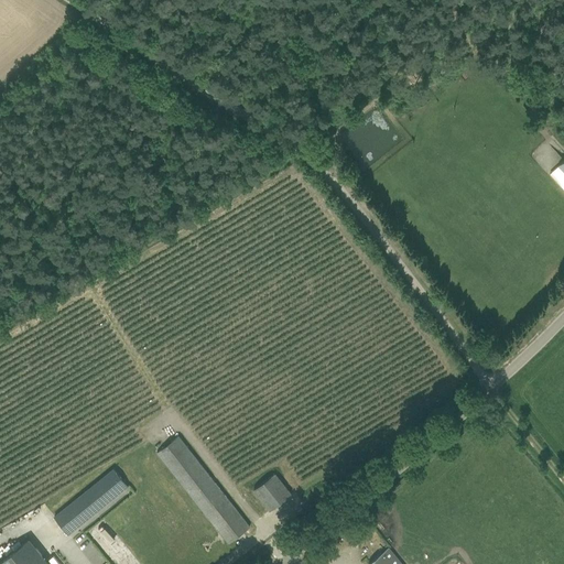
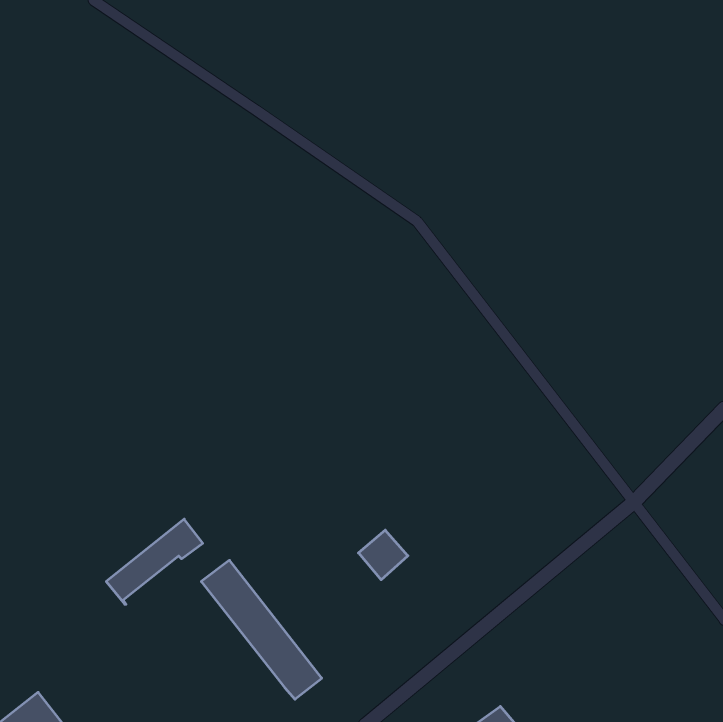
building: [54,470,129,536] -> [106,519,203,604]
building: [254,474,293,512] -> [358,530,408,580]

